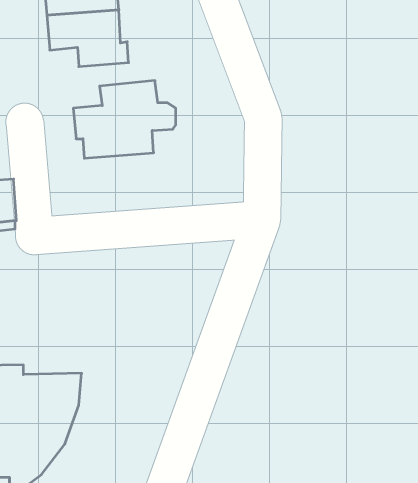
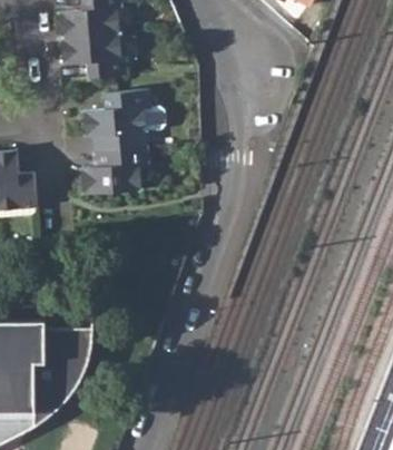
building: none -> [80,149,148,193]

